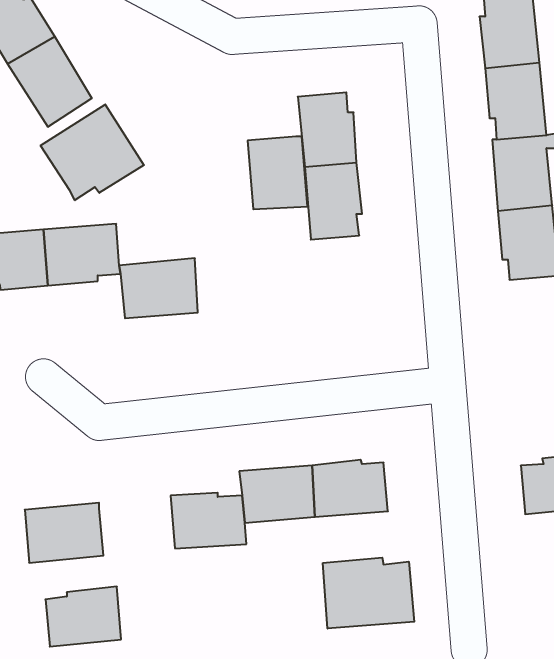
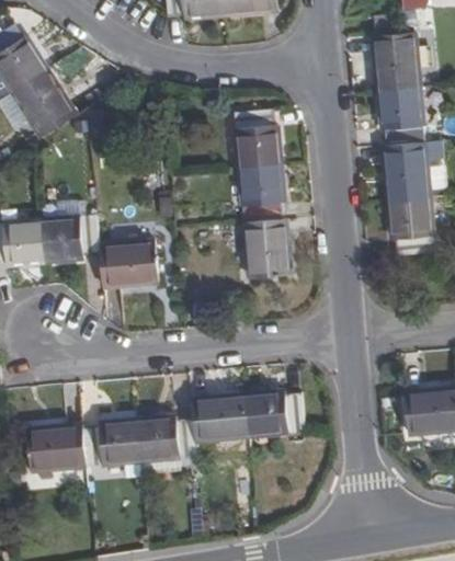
building: [41,104,144,200] -> none
building: [248,136,308,209] -> [244,221,291,277]
building: [323,558,414,629] -> none
building: [45,587,121,647] -> [82,421,140,467]

